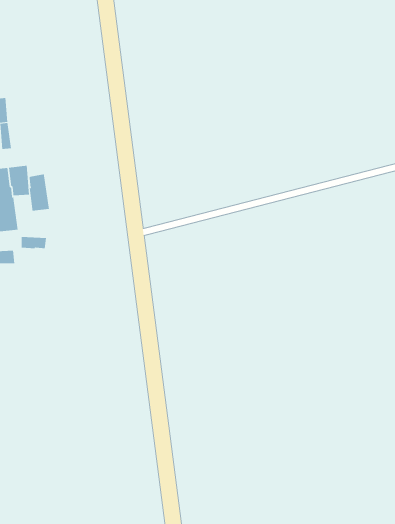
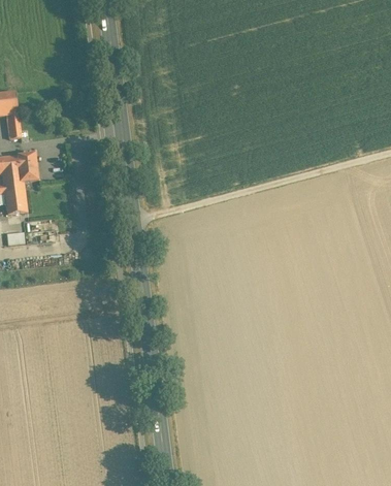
building: [29,174,50,212] -> none

